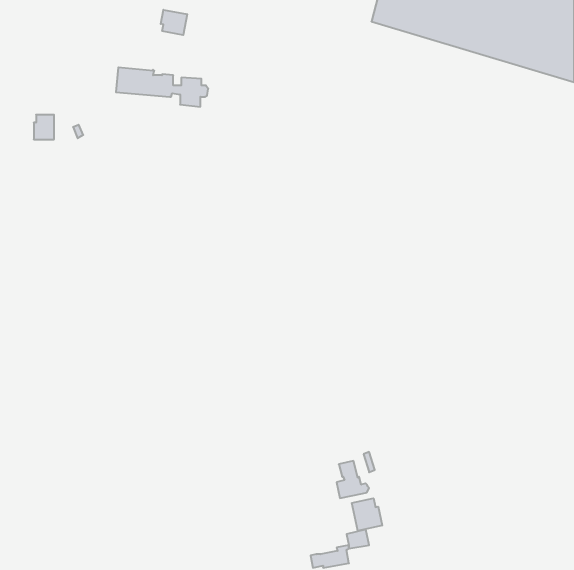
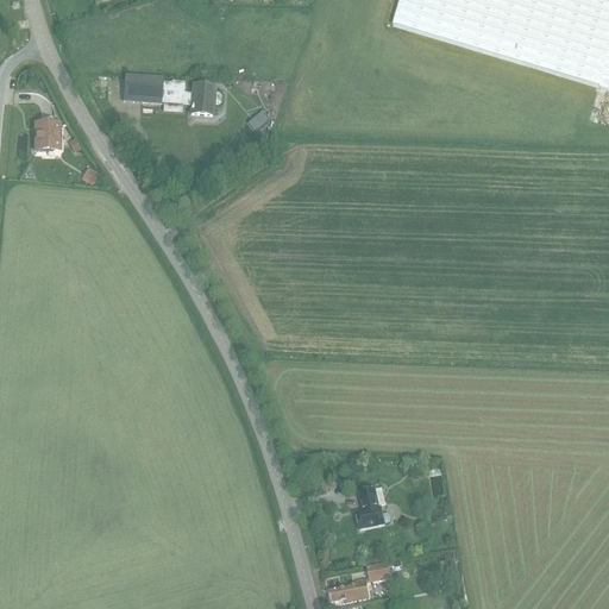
building: [161,10,187,35] -> none
building: [352,498,382,531] -> none

